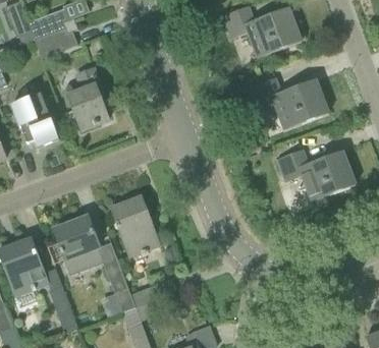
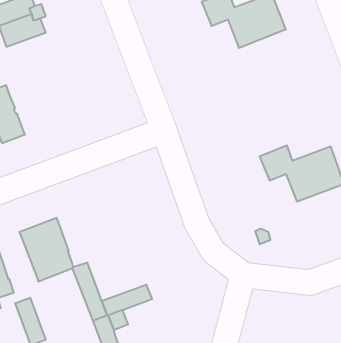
building: [64,68,108,129] -> none
building: [250,77,328,129] -> none
building: [110,195,160,258] -> none

